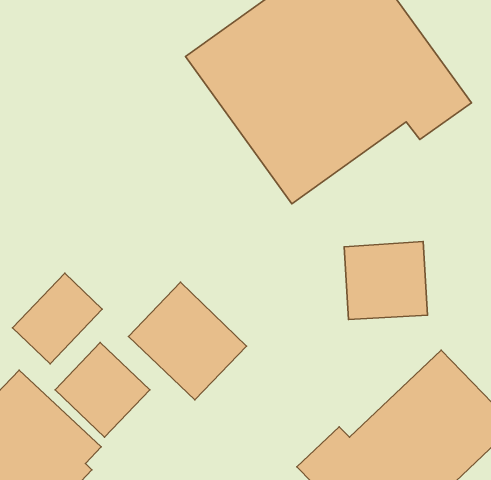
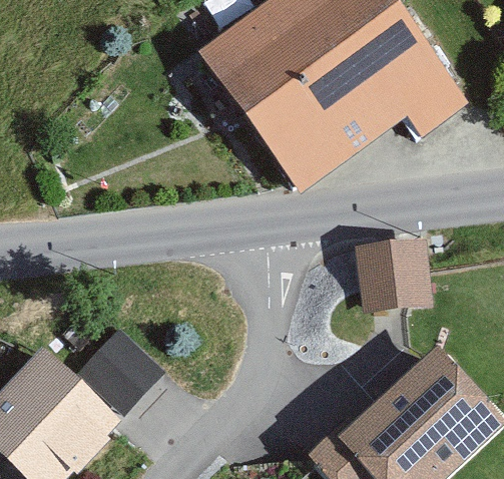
building: [13,273,102,364] -> none
building: [128,282,246,400] -> none

